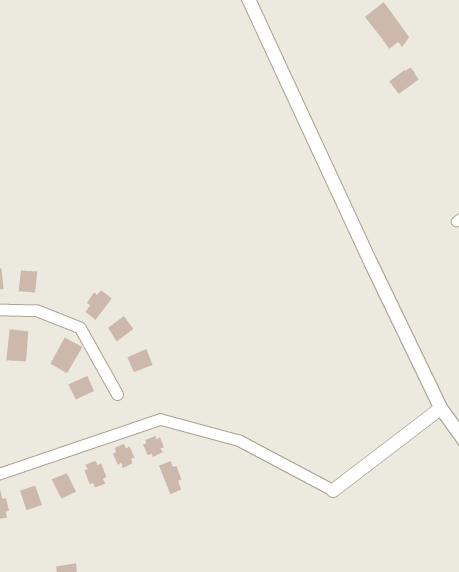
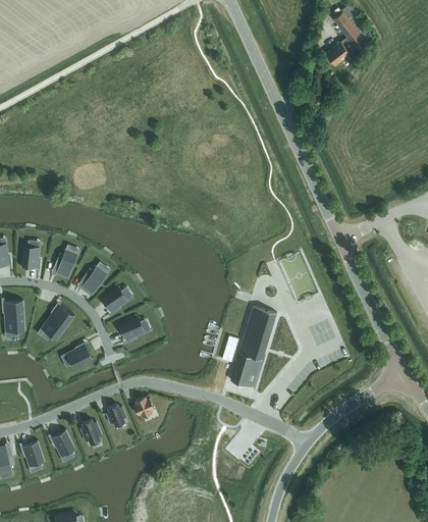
building: [388,67,420,95] -> [326,40,355,65]
building: none -> [55,249,77,277]
building: none -> [230,306,276,387]
building: [158,460,182,495] -> none

